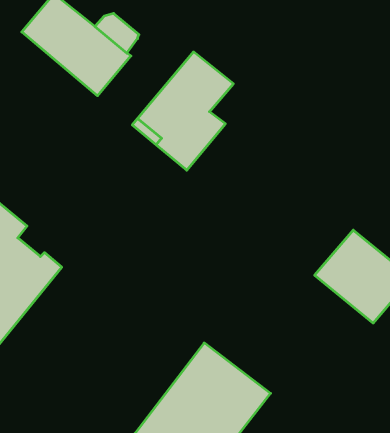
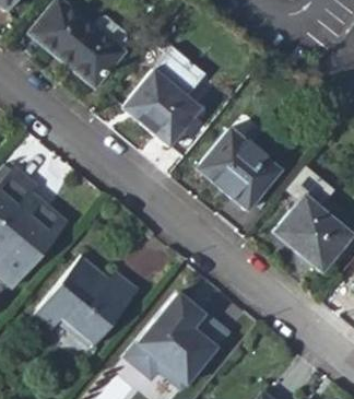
building: none -> [197,127,280,209]
building: none -> [32,256,139,344]

